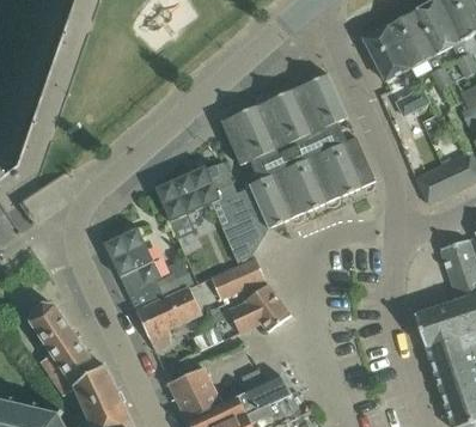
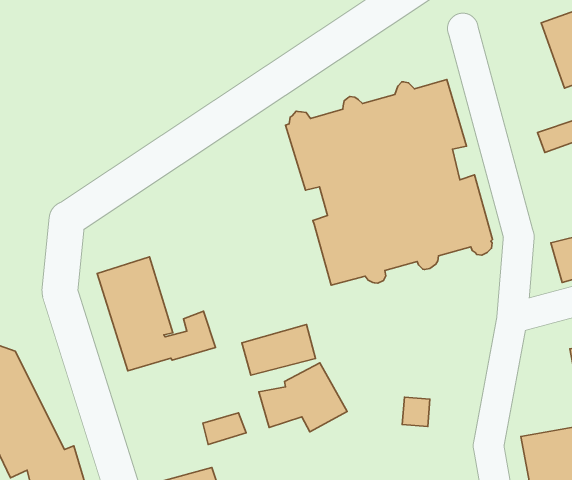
building: [361,25,409,81] -> none
building: [153,163,267,263] -> none
building: [135,288,201,350] -> none

